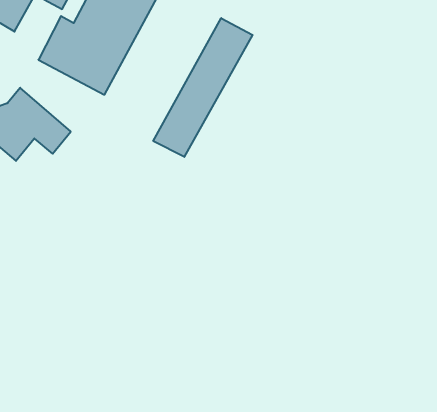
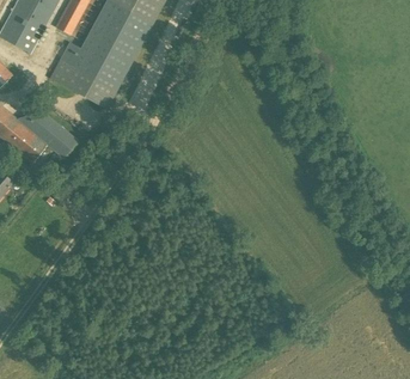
building: [153,18,253,157] -> none

